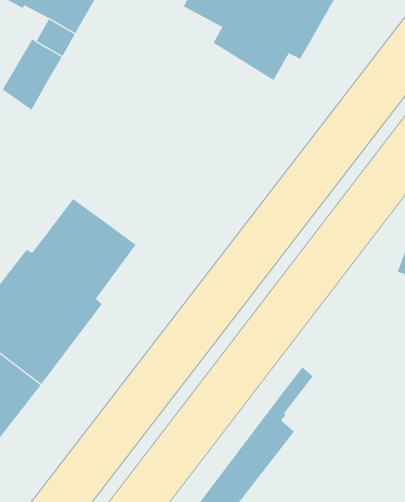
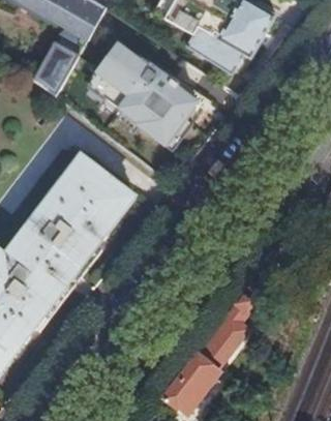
building: none -> [92,41,199,144]

